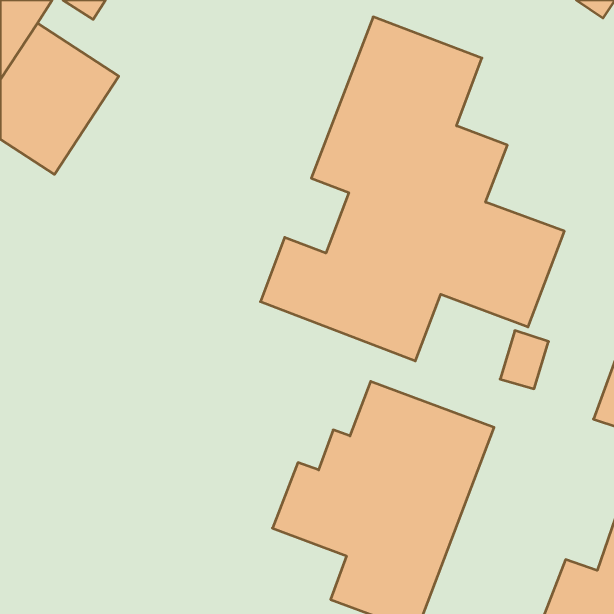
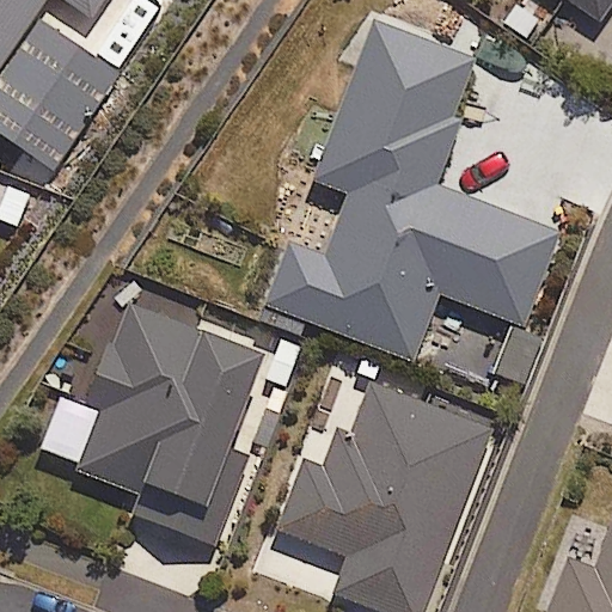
building: none -> [75,301,259,552]

